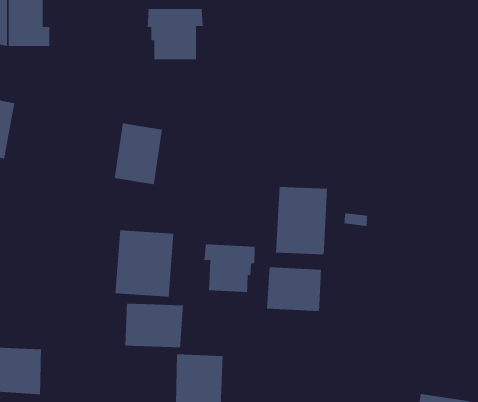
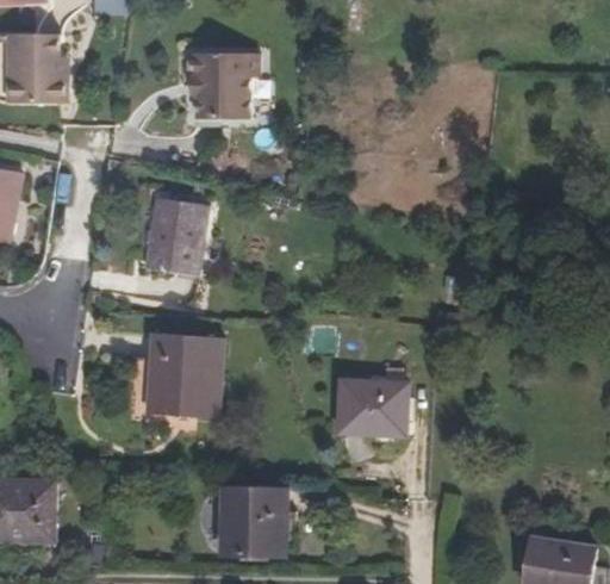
building: [275,186,328,255] -> none
building: [204,244,255,293] -> none
building: [125,303,184,348] -> none

